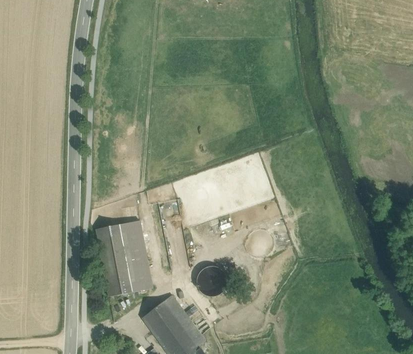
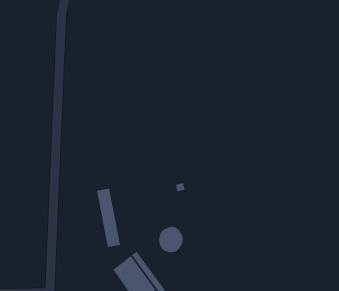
building: [96,225,137,298] -> none

